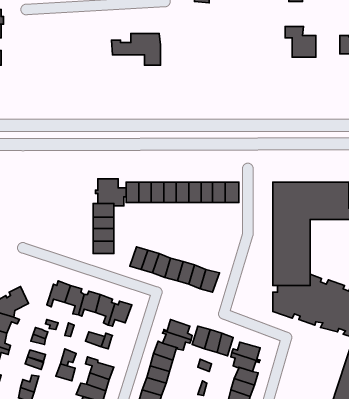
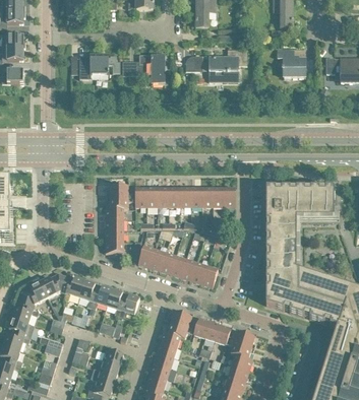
building: none -> [186,49,247,80]
building: none -> [80,55,120,78]
building: none -> [41,272,71,296]

